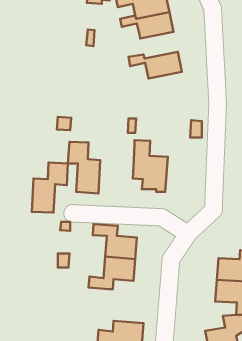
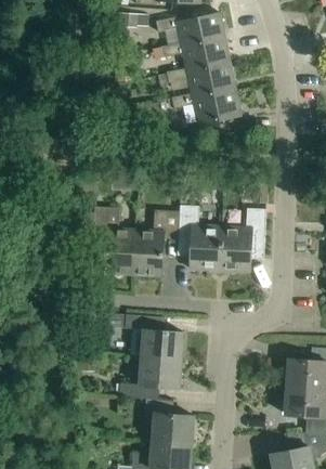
building: none -> [166,64,235,99]
building: none -> [219,208,265,273]
building: [32,163,68,213] -> [132,210,179,275]
building: none -> [144,399,193,443]

